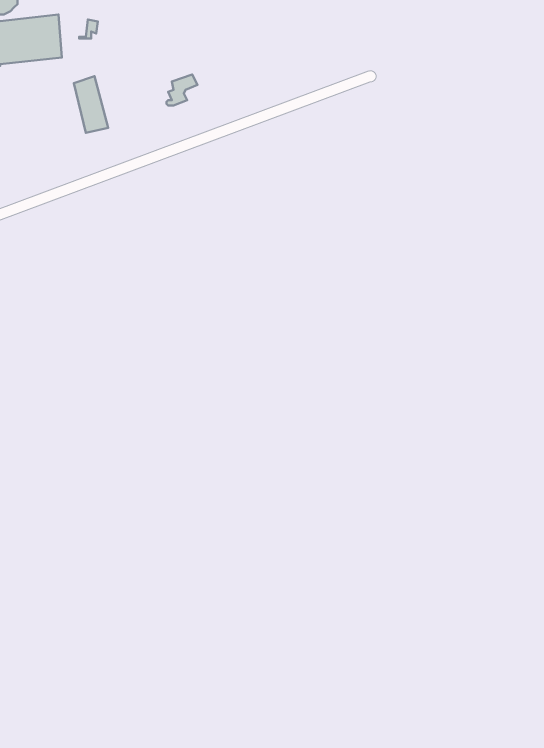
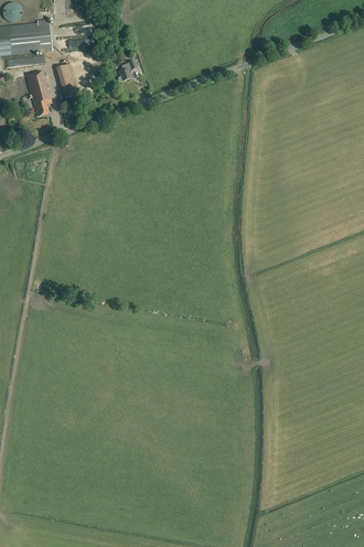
building: none -> [26,69,52,115]

